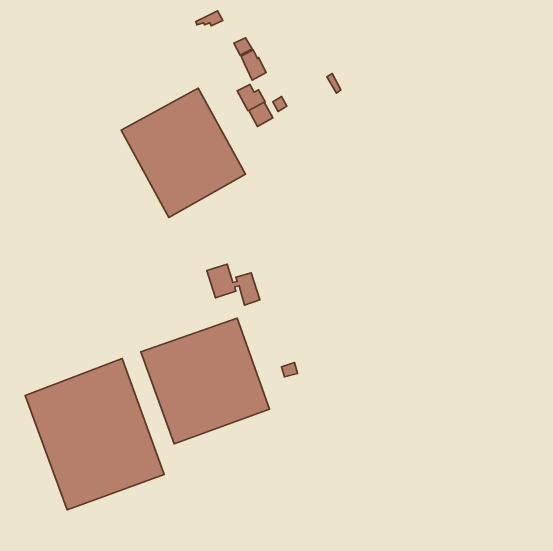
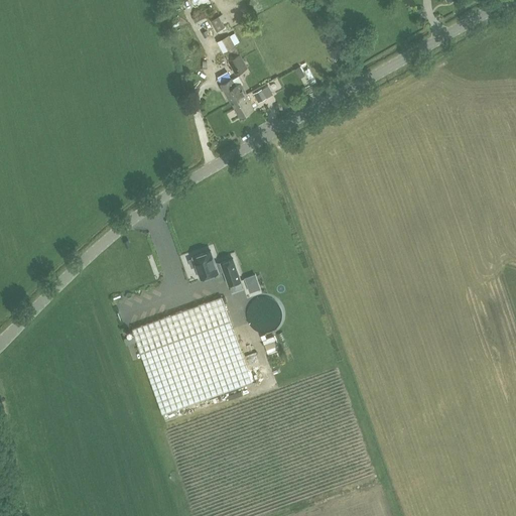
building: [121,88,245,218] -> none
building: [25,358,164,510] -> none

